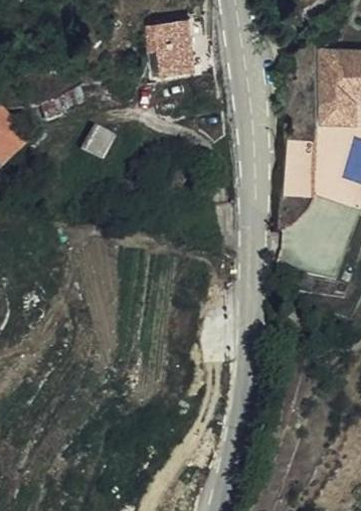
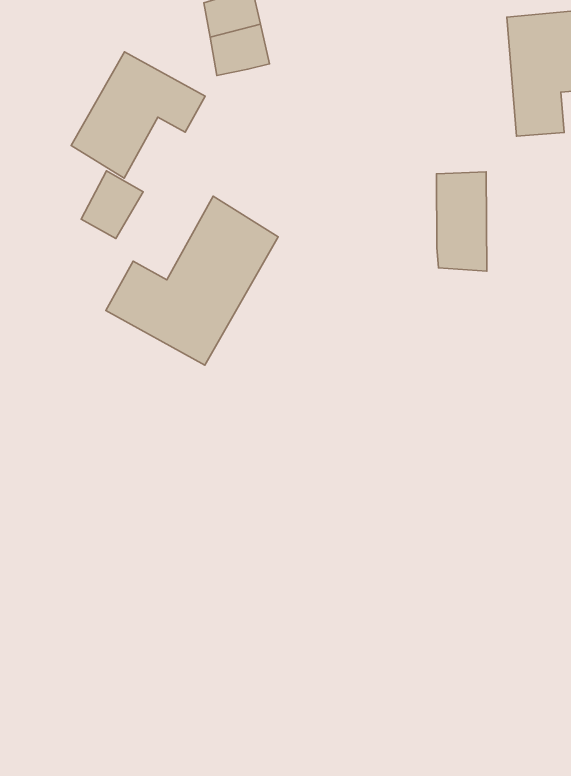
building: none -> [71,52,205,178]
building: none -> [106,196,278,365]

